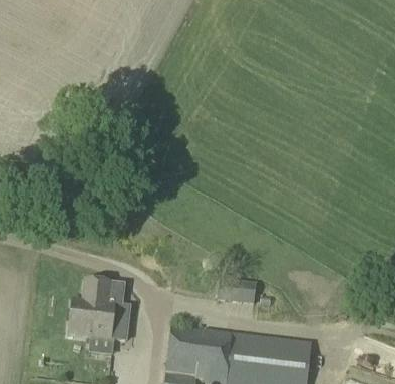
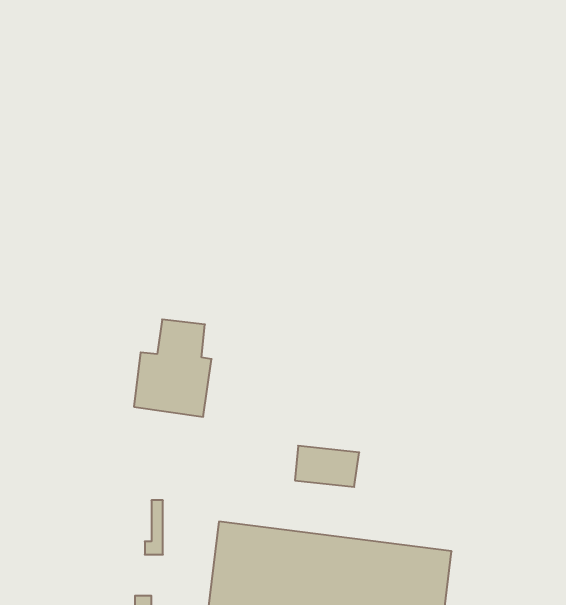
building: [68,280,115,339] -> [134,319,212,417]

